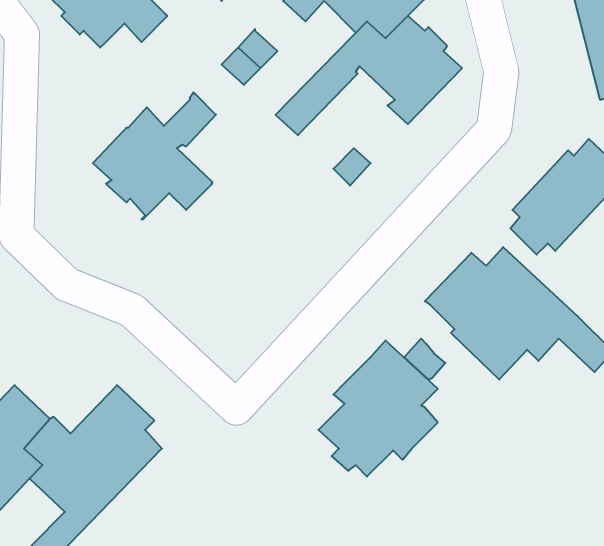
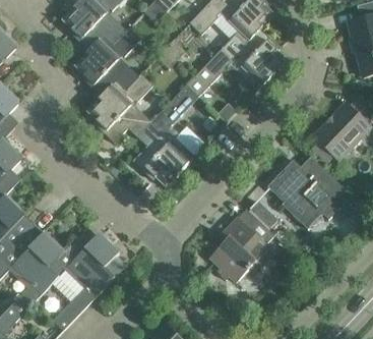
building: none -> [74,27,141,94]
building: none -> [133,84,198,186]

